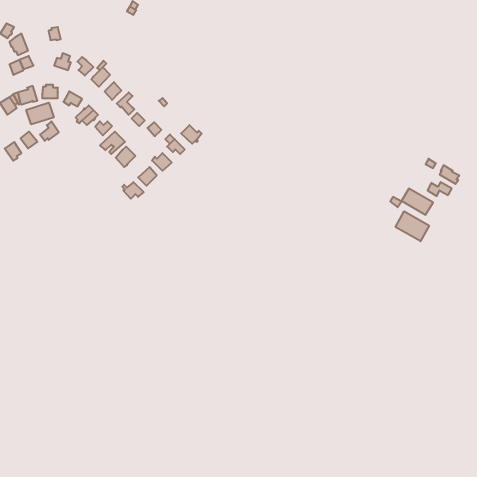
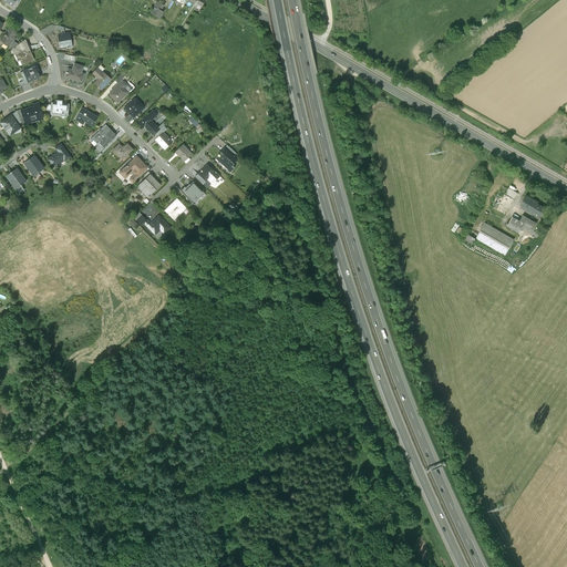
building: [26,103,54,124] -> none
building: [396,211,429,241] -> none

